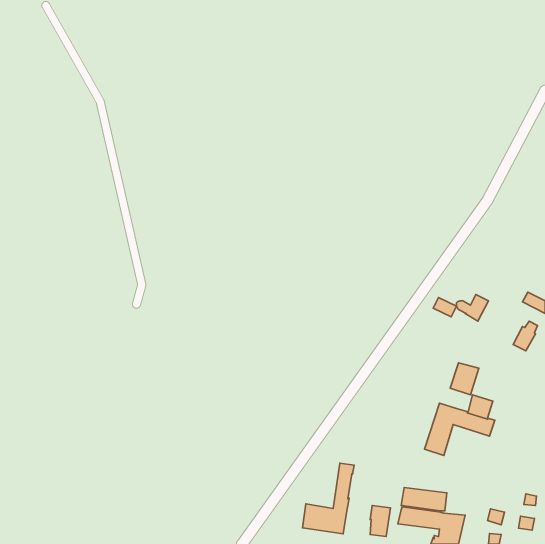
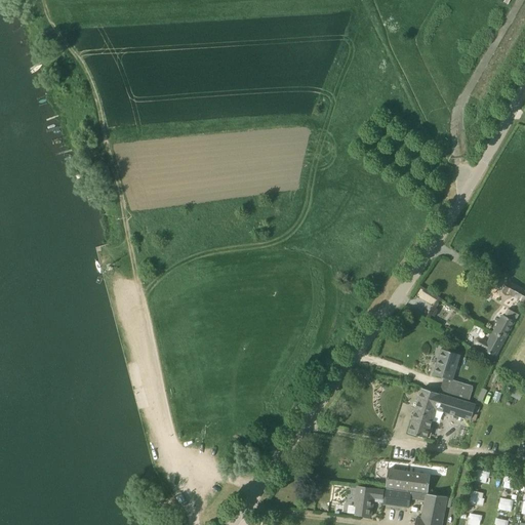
building: [456,294,488,321] -> [475,331,506,357]
building: [303,463,354,534] -> none

